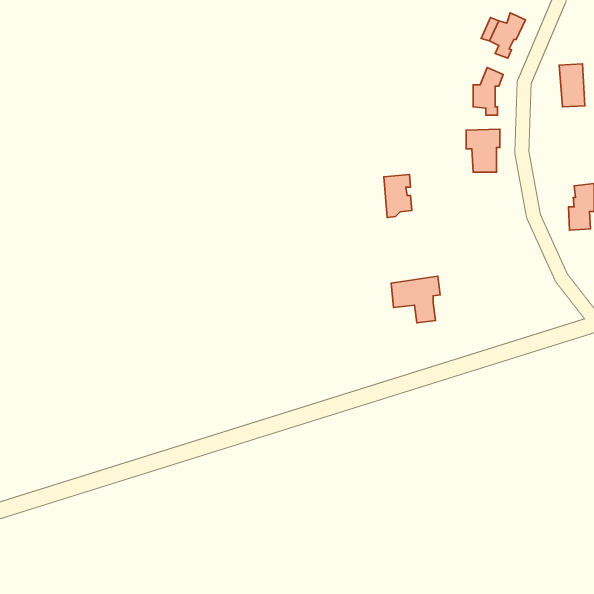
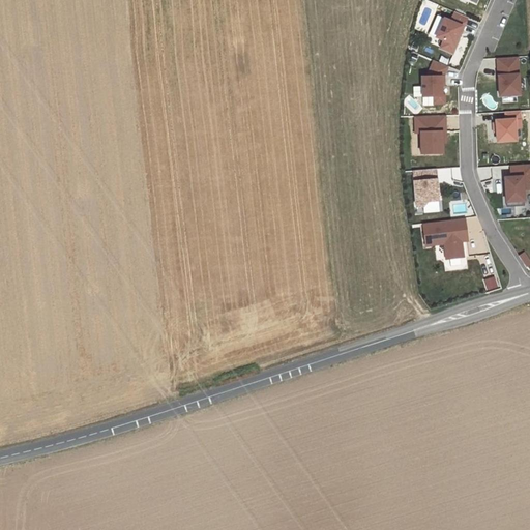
building: none -> [496,111,521,142]
building: [384,174,412,218] -> [413,169,438,207]
building: [391,276,440,323] -> [423,217,467,259]

